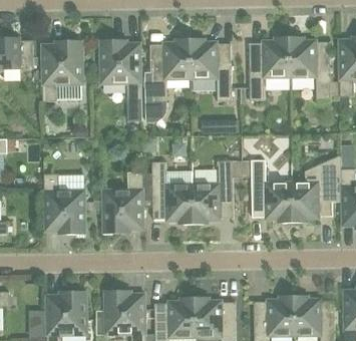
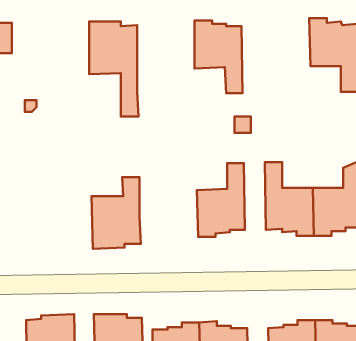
building: [248,36,289,100] -> none
building: [144,38,190,120] -> none
building: [41,40,82,101] -> none
building: [142,161,193,225] -> none
building: [43,174,85,235] -> none

